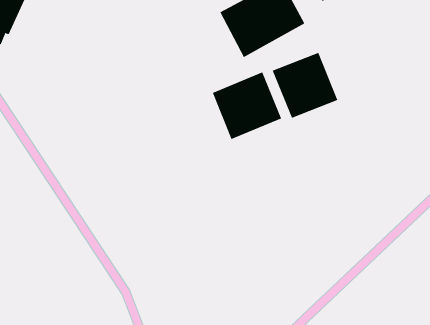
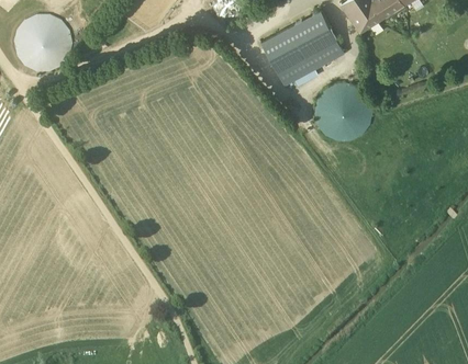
building: [212,72,282,140] -> none

